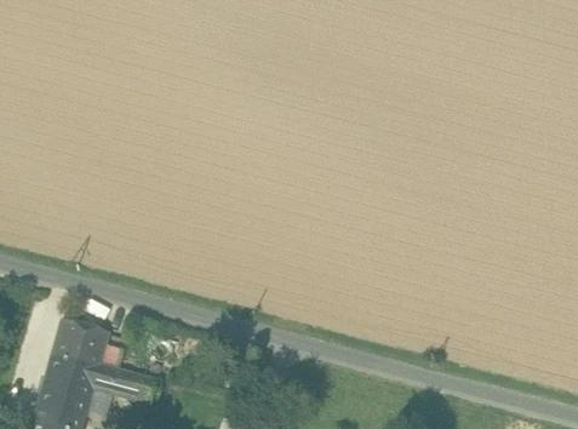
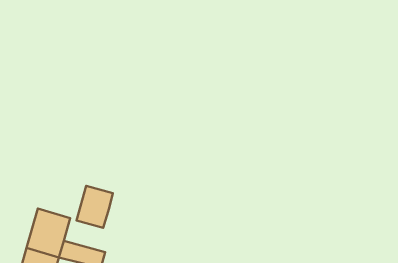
building: none -> [76,186,113,228]

